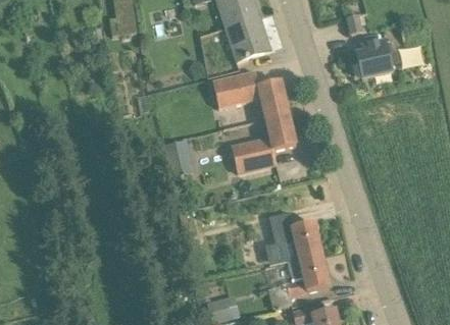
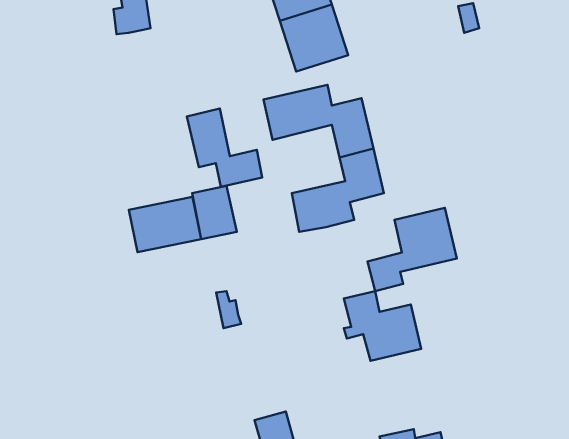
building: [355,38,401,78] -> none
building: none -> [187,109,262,187]
building: none -> [129,197,201,252]
building: [267,252,329,309] -> [368,208,457,291]

